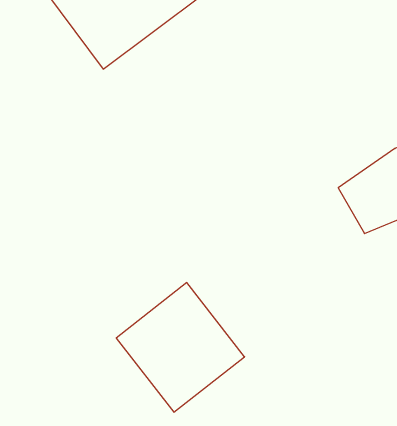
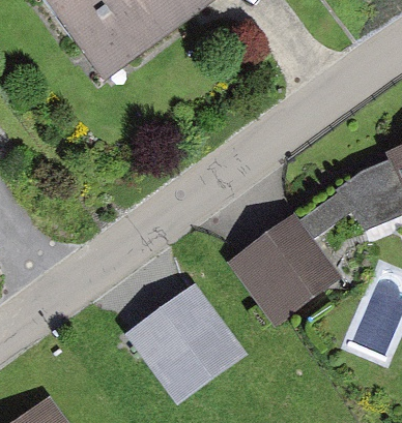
building: none -> [227,217,336,327]

